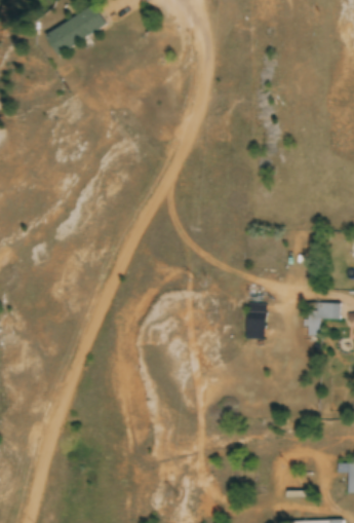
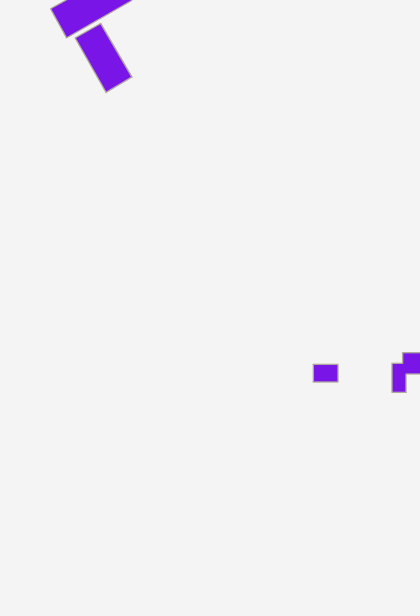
building: none -> [75,23,132,93]

